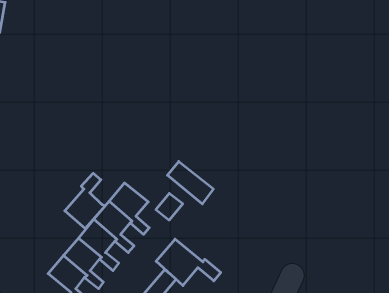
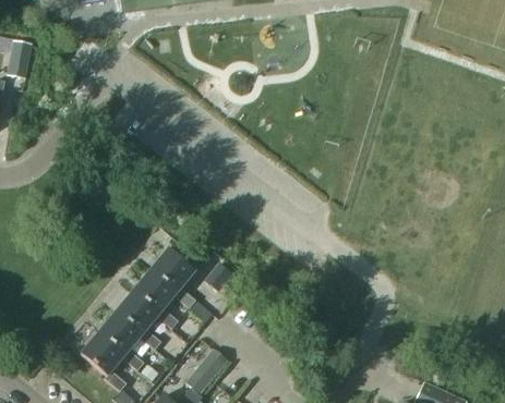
building: [167,161,213,204] -> none
building: [65,173,105,229] -> none
building: [156,239,221,286] -> none

